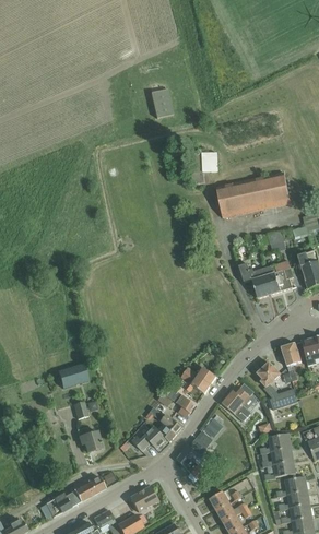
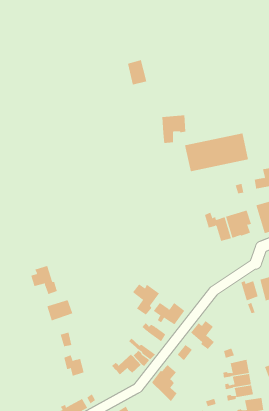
building: none -> [31,265,57,295]
building: none -> [132,283,160,316]
building: [257,363,297,410] -> none

